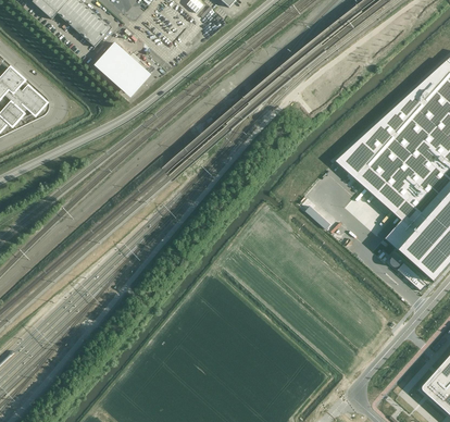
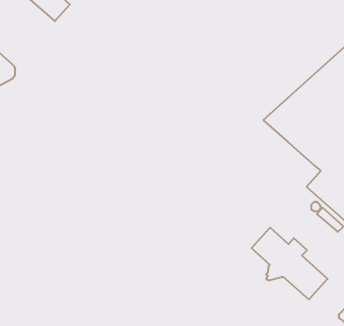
building: [97,42,147,90] -> none
building: none -> [252,228,328,299]

